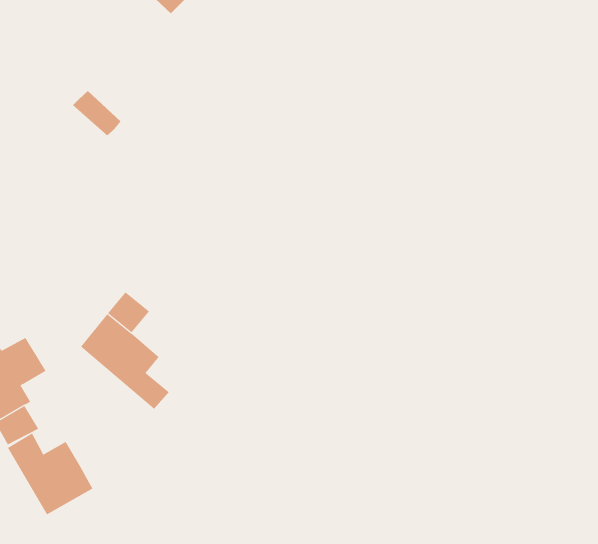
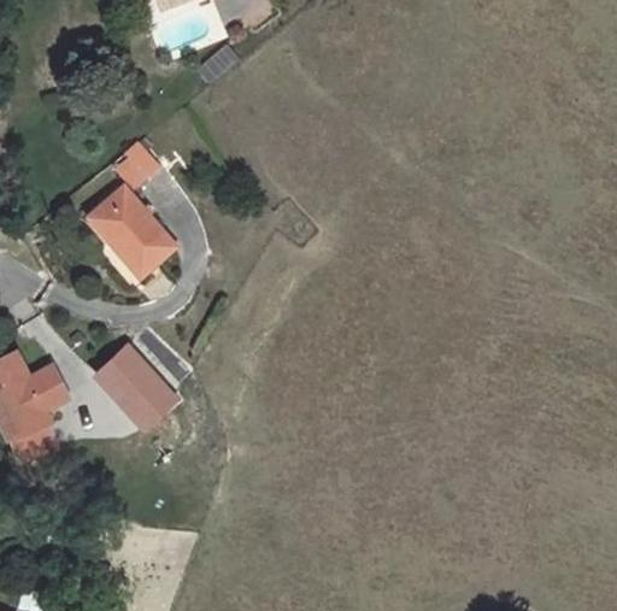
building: none -> [80,190,166,282]
building: [7,433,93,515] -> none

